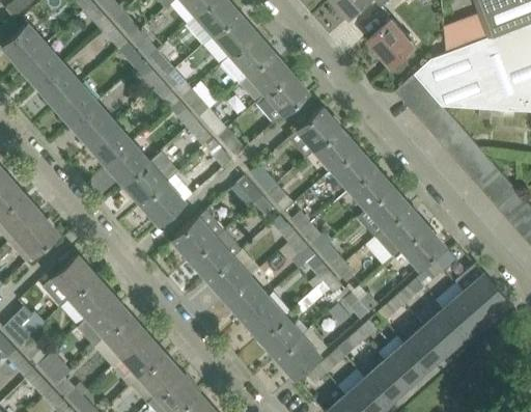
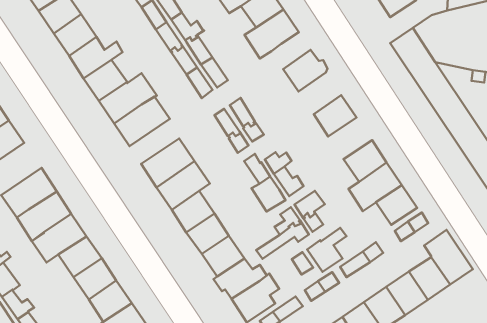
building: [314,129,356,170] -> none
building: [348,168,391,210] -> none

